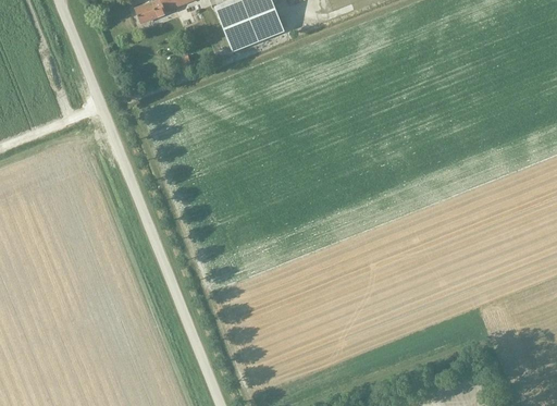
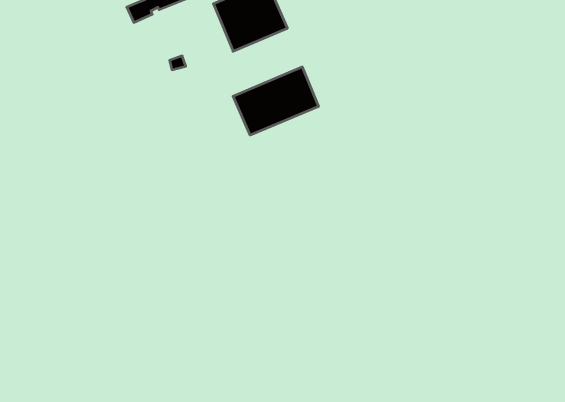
building: none -> [233,67,318,135]

